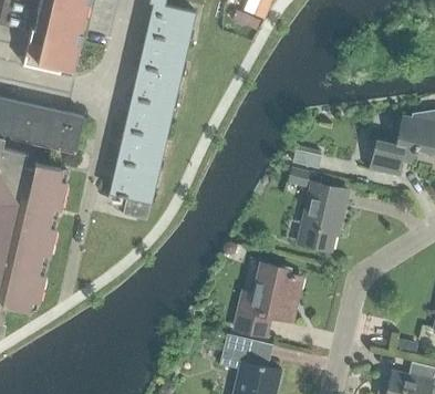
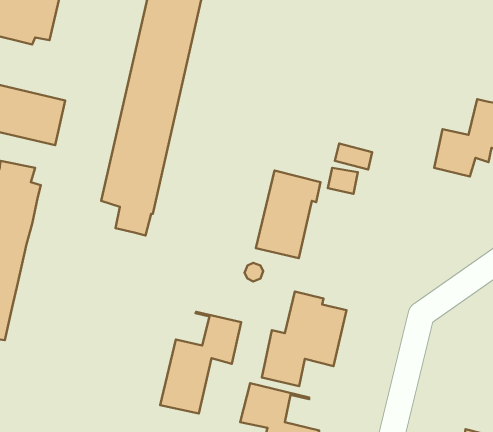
building: [297,184,346,251] -> [256,171,320,258]
building: none -> [160,312,241,413]

